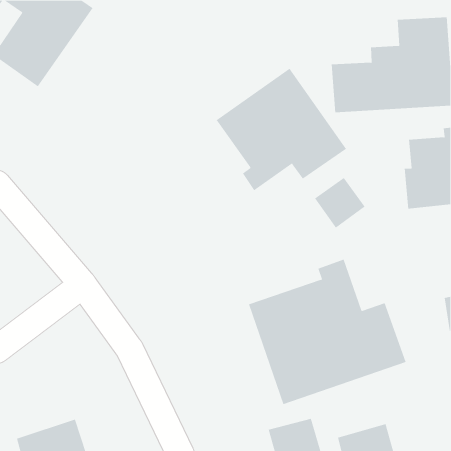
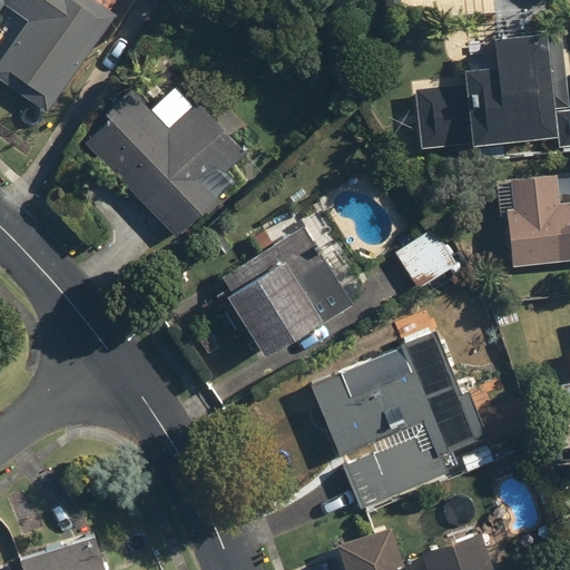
building: [216,68,347,191] -> none
building: none -> [85,92,254,239]
building: none -> [215,222,348,350]

